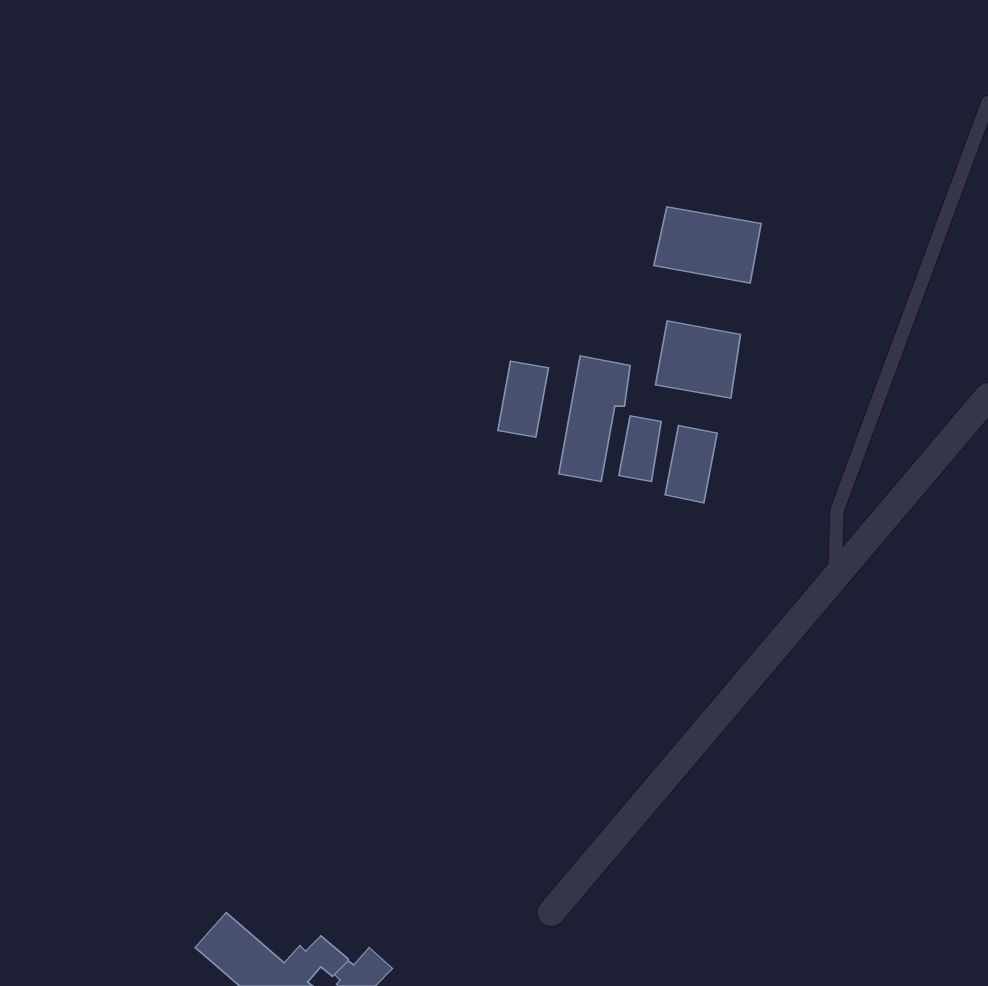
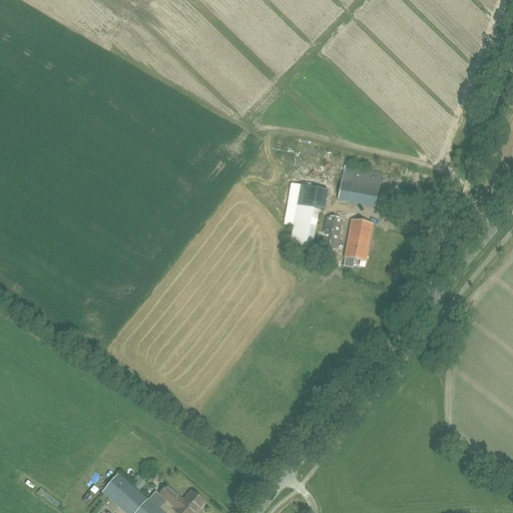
building: [654,207,761,283] -> none
building: [498,361,548,437] -> none

